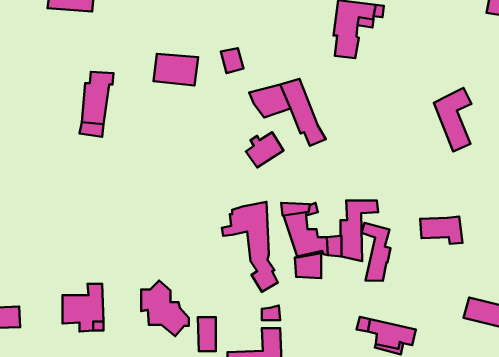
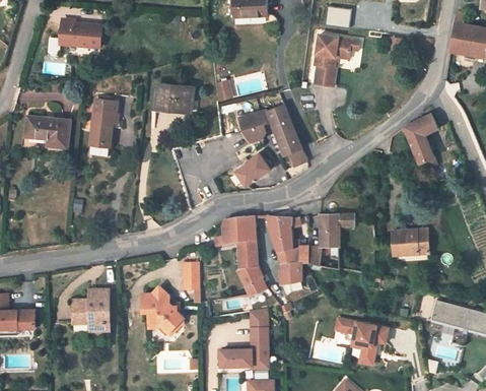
building: none -> [24,116,70,147]
building: [361,223,390,281] -> none
building: [198,317,216,351] -> [183,262,199,292]

